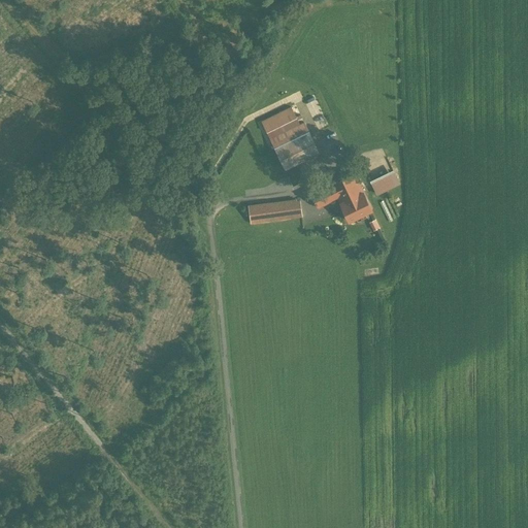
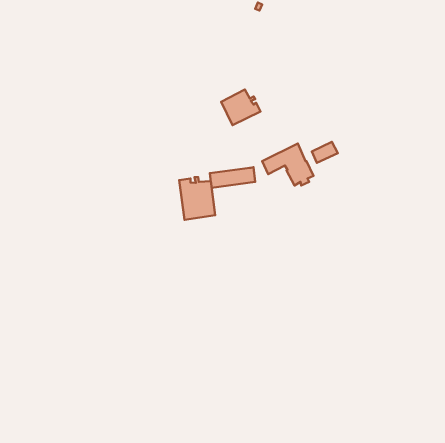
building: [275,134,319,169] -> none
building: none -> [179,177,215,220]

